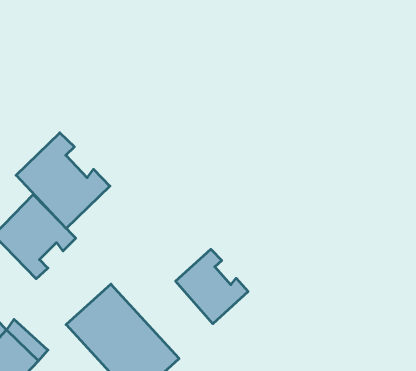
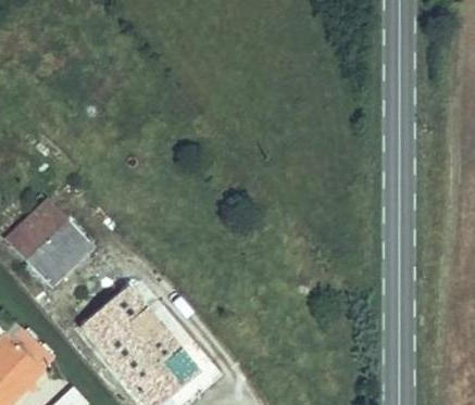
building: [16,133,110,229] -> none
building: [176,249,248,324] -> none

